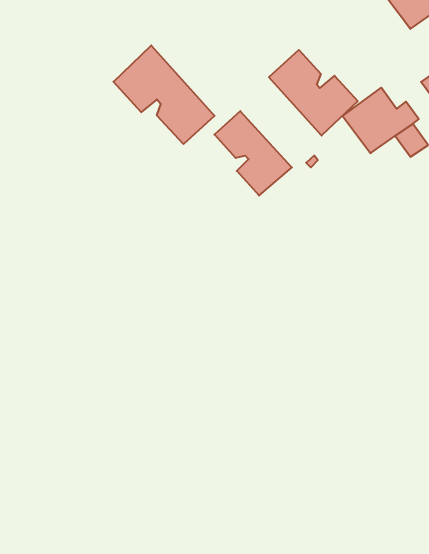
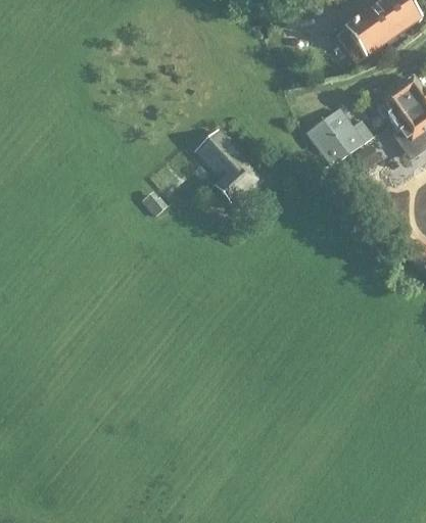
building: [113,45,215,144] -> none
building: [269,50,358,136] -> none

